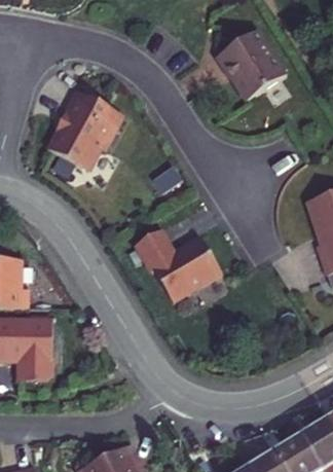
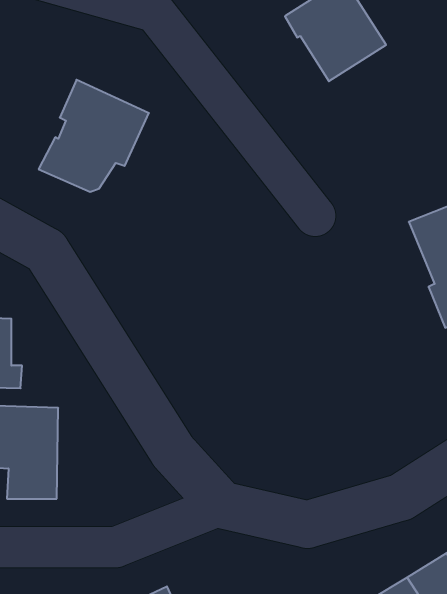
building: [134,225,221,297] -> none

